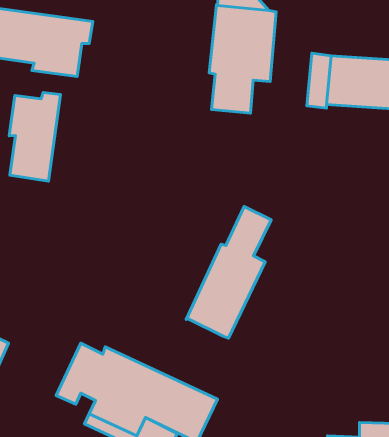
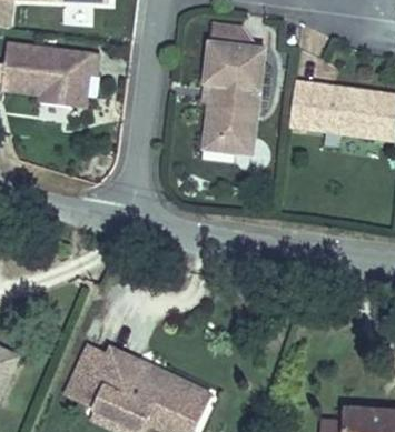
building: none -> [203,107,257,150]
building: [9,92,61,181] -> none
building: [186,207,271,338] -> none

